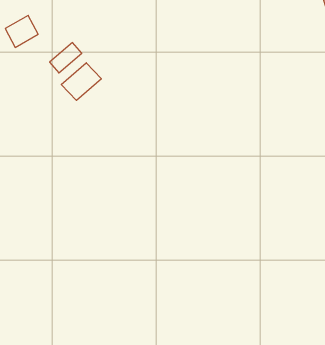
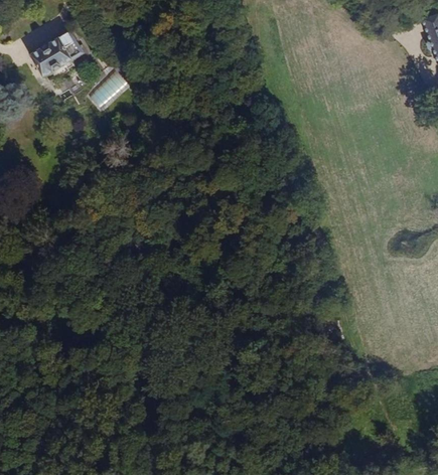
building: [61,63,101,100] -> none

